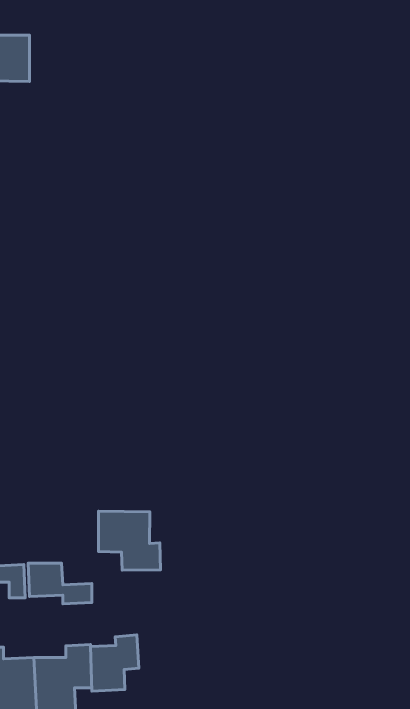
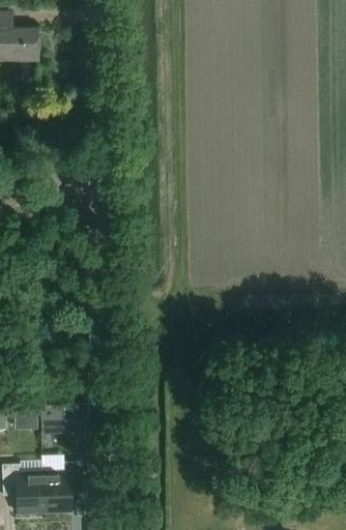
building: [99,511,161,570] -> none
building: [90,635,139,691] -> none

